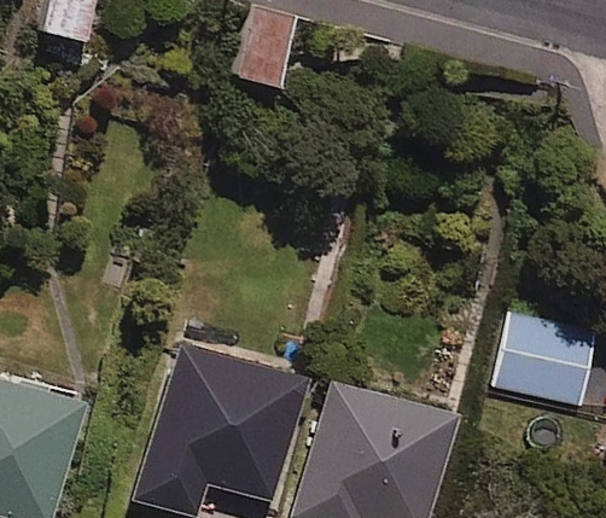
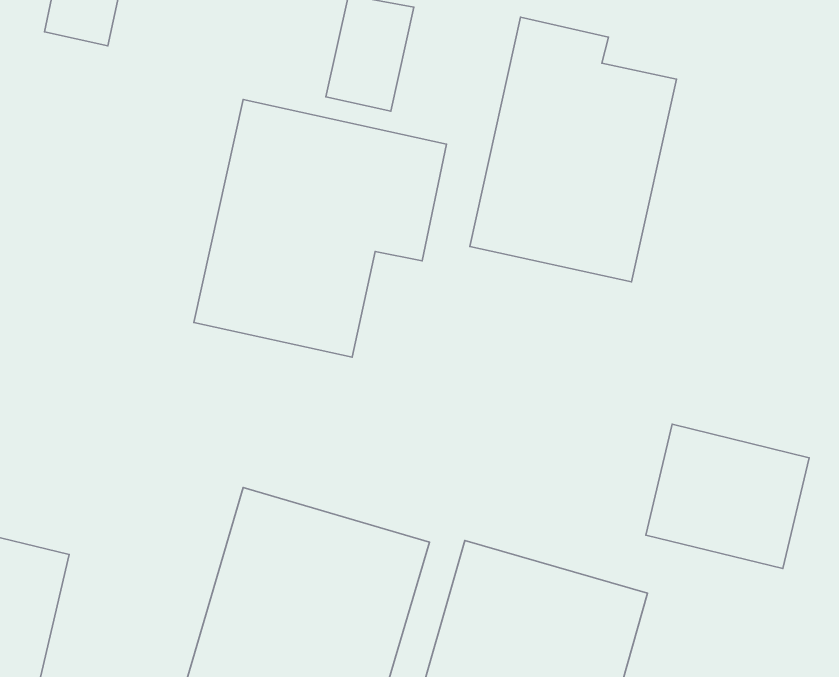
building: none -> [470,17,677,282]
building: none -> [194,99,447,357]

